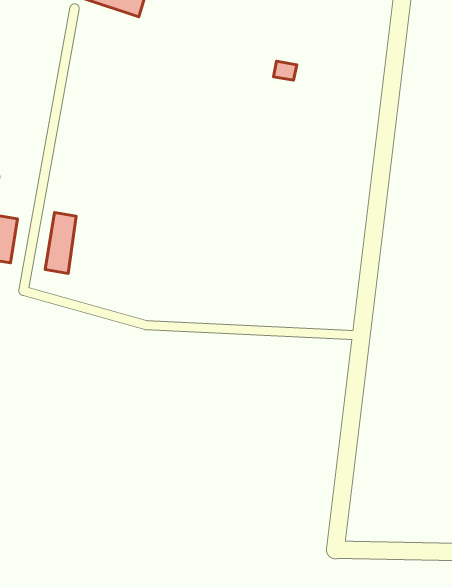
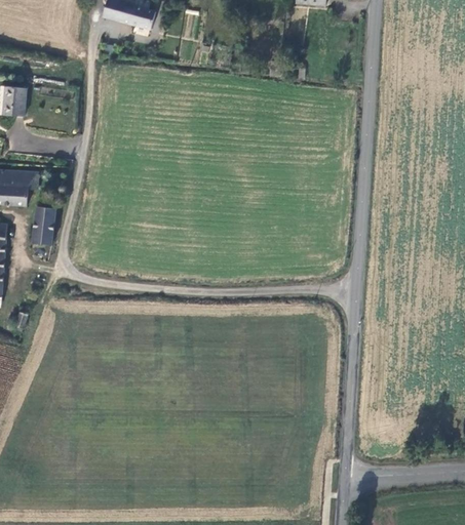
building: [45,213,76,273] -> none

